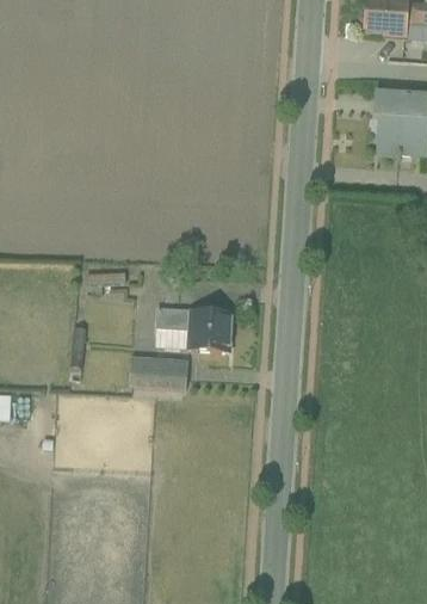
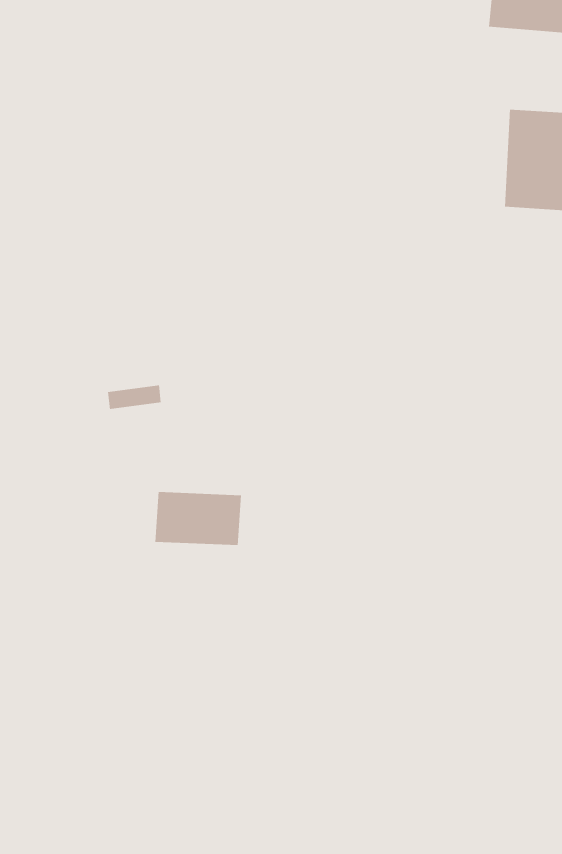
building: [151,307,228,353] -> none

